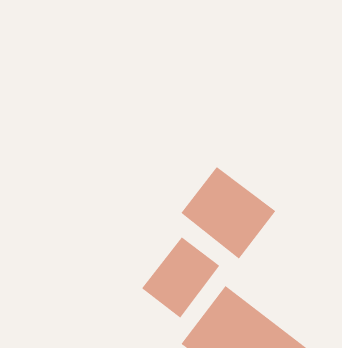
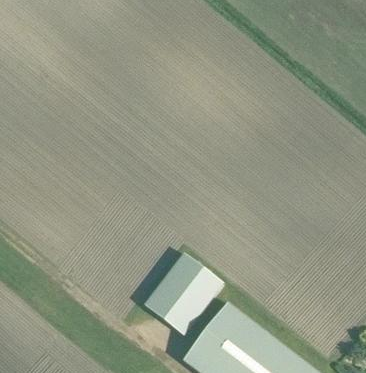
building: [180,166,276,259] -> none

